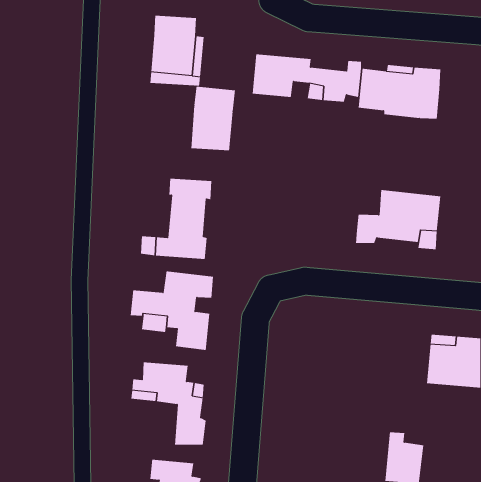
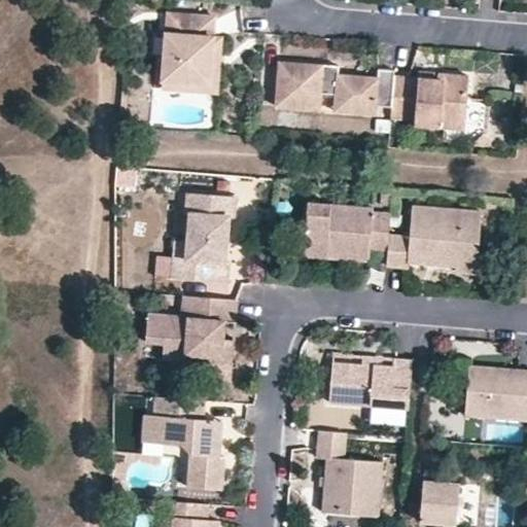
building: [191,86,235,151] -> none
building: none -> [306,201,390,264]
building: none -> [328,356,411,408]
building: none -> [315,430,390,518]

